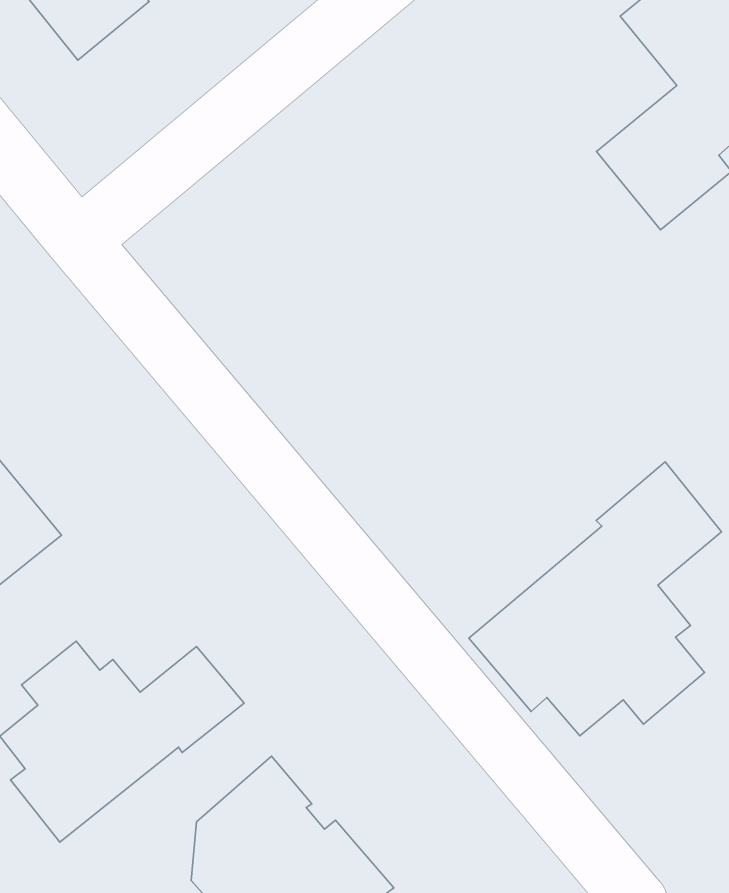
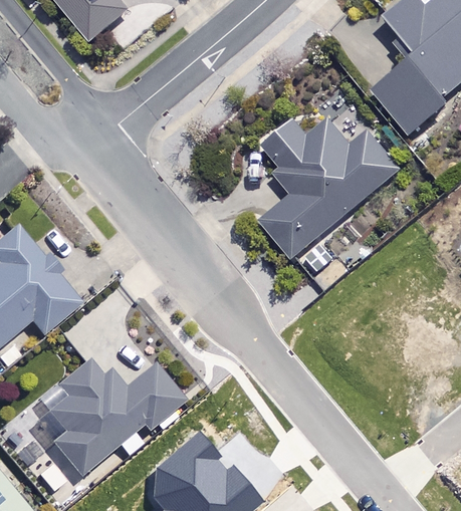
building: none -> [260,121,399,259]
building: [469,462,722,736] -> none

